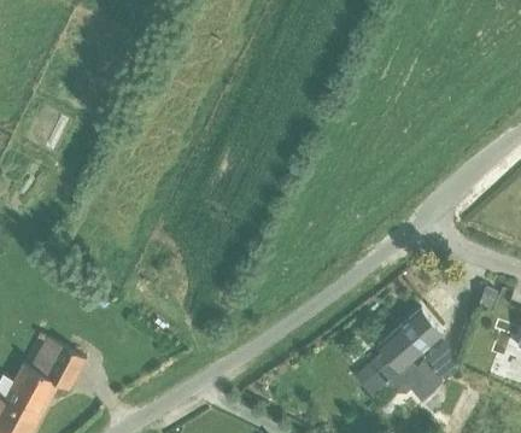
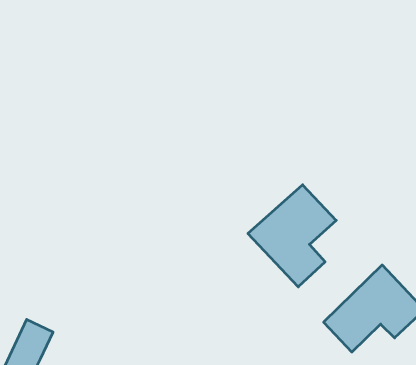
building: none -> [248,185,336,287]

